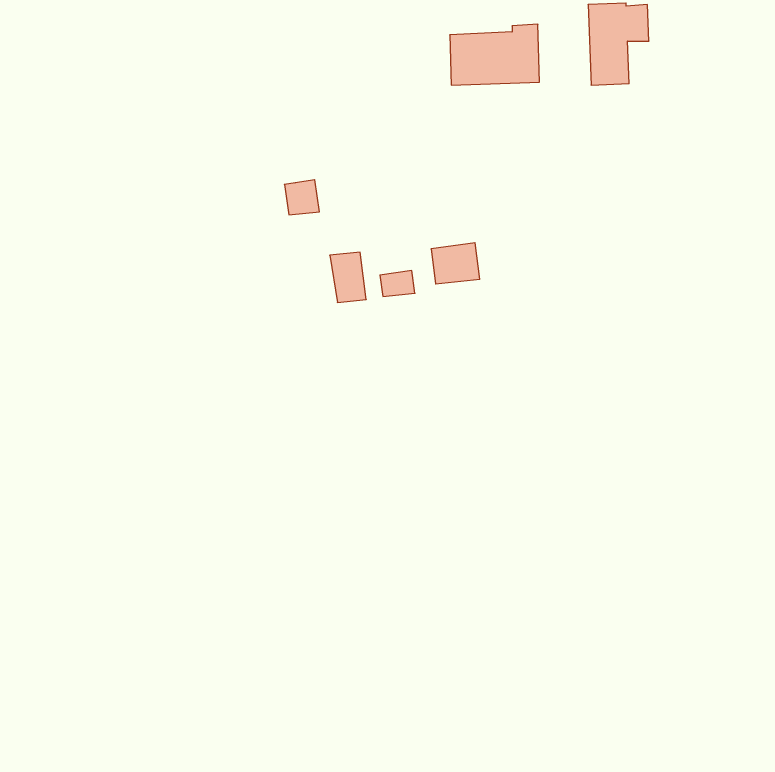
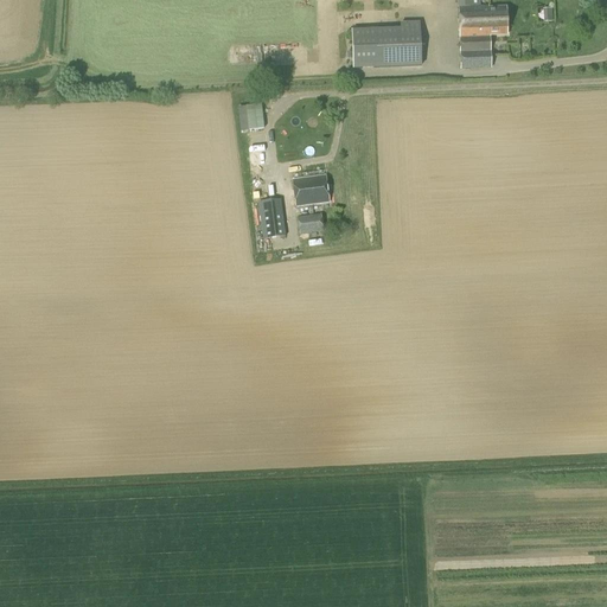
building: [284,180,319,215] -> [238,101,266,128]
building: [431,243,480,284] -> [293,172,331,204]

